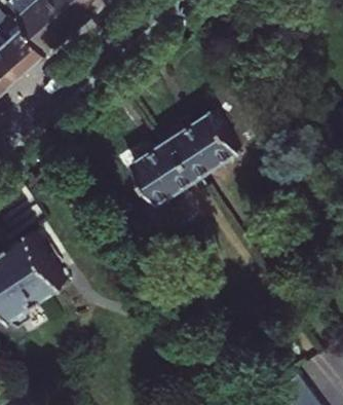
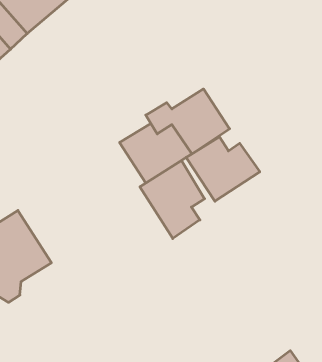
building: none -> [186,137,260,201]
building: none -> [140,161,205,239]

